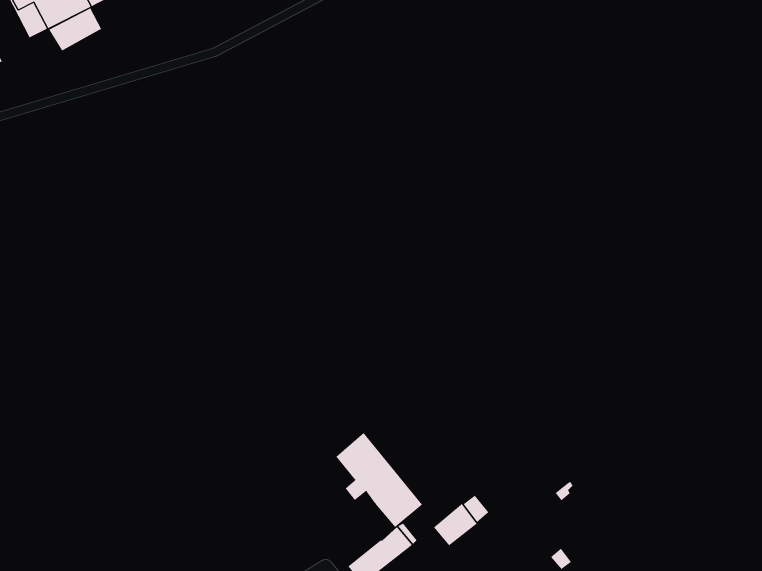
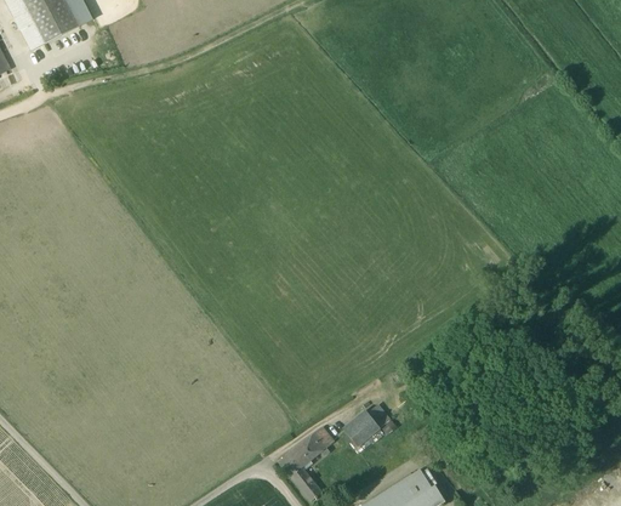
building: [47,7,102,52] -> none
building: [336,432,423,528] -> none

